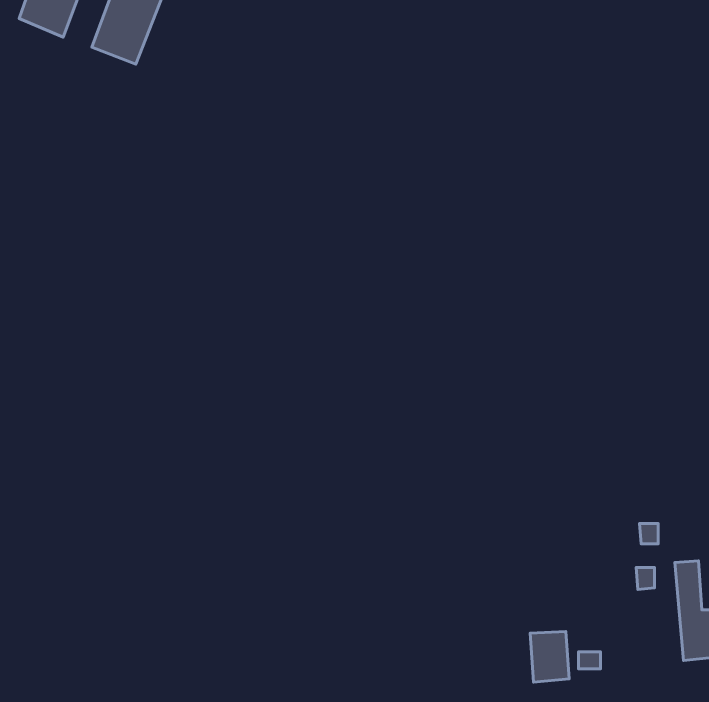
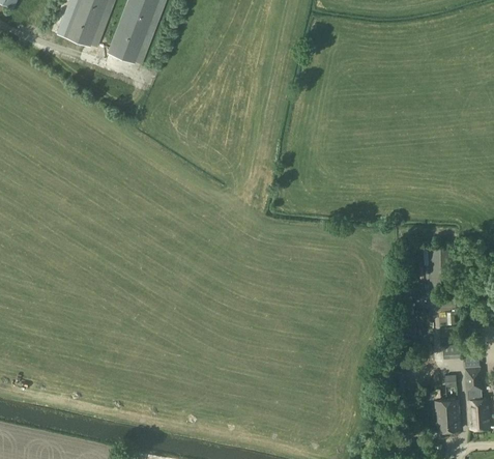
building: [530,632,569,682] -> [437,399,461,430]

